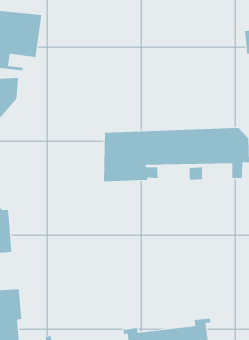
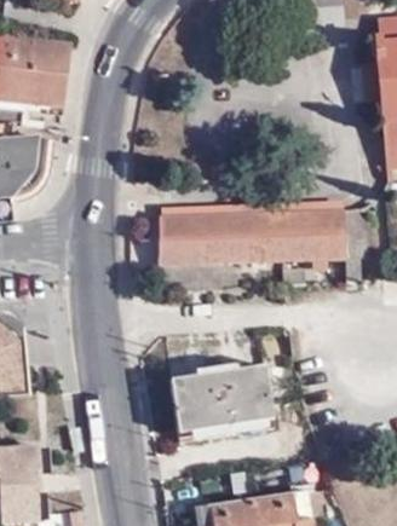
building: none -> [168,365,276,443]

